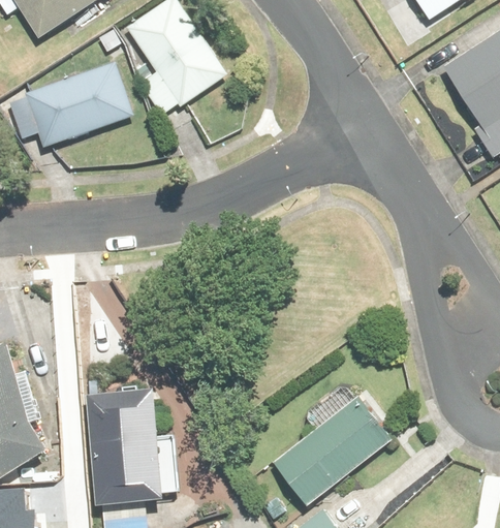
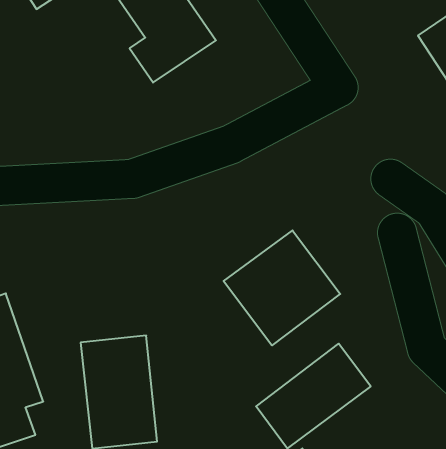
building: [24,62,133,148] -> none
building: none -> [224,230,340,345]

